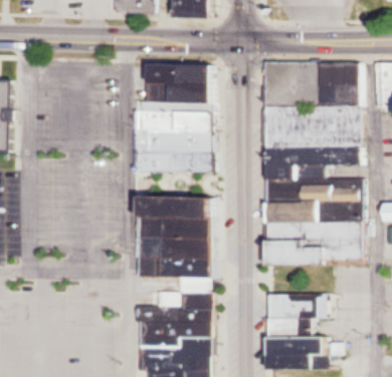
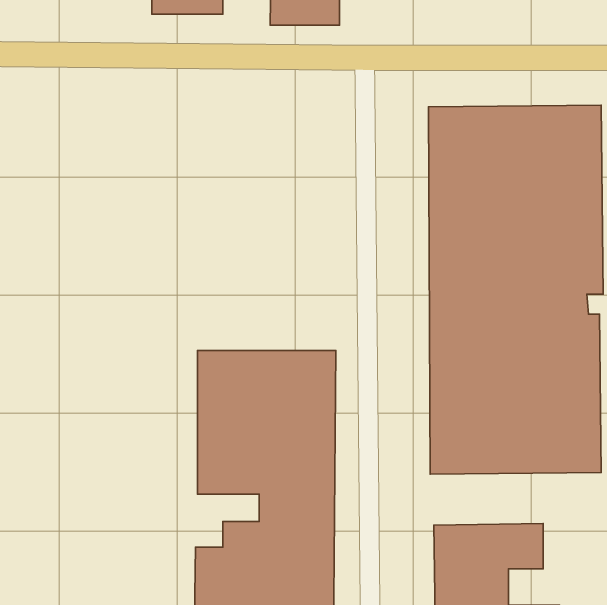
building: [127,65,214,171] -> none

